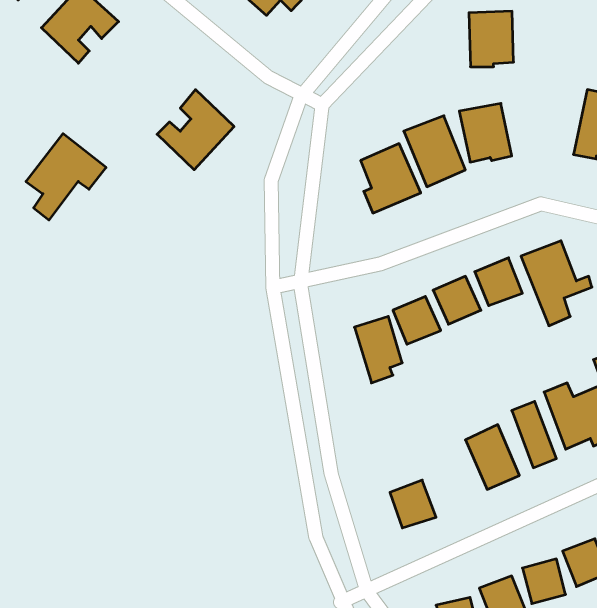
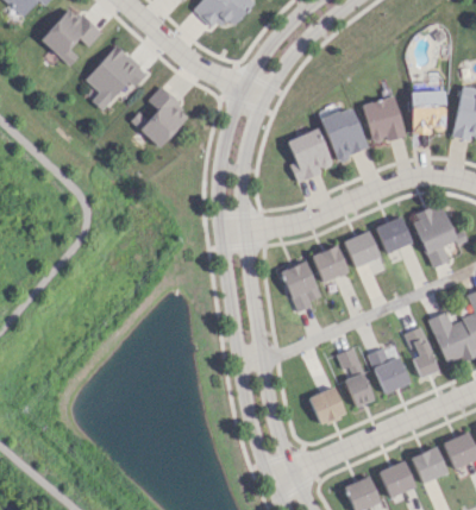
building: [469,11,514,67] -> [412,90,446,133]
building: [26,134,106,220] -> [87,44,149,111]
building: none -> [337,347,375,407]

